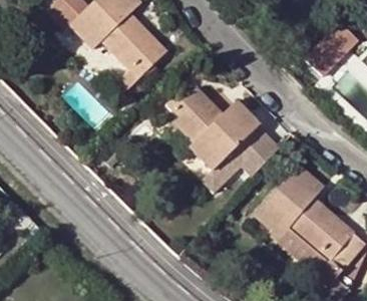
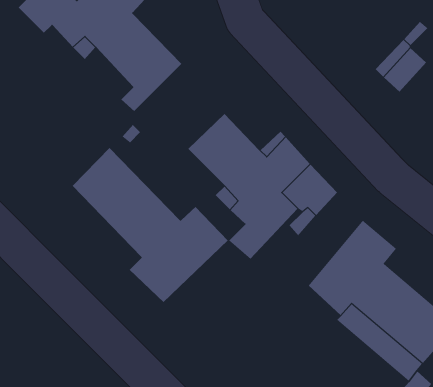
building: none -> [72,147,228,303]

